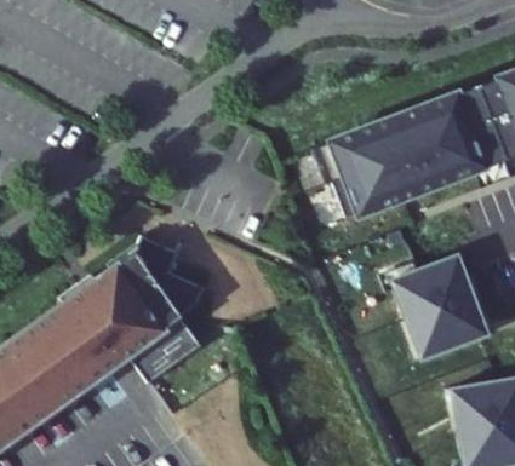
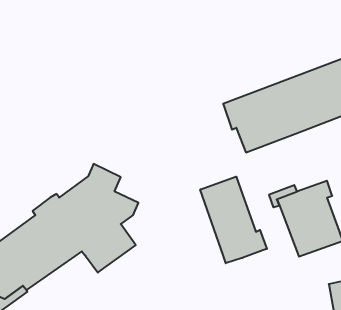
building: none -> [200,177,267,263]

